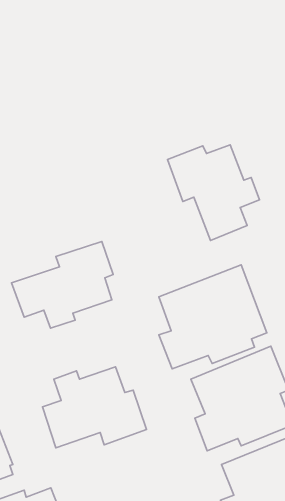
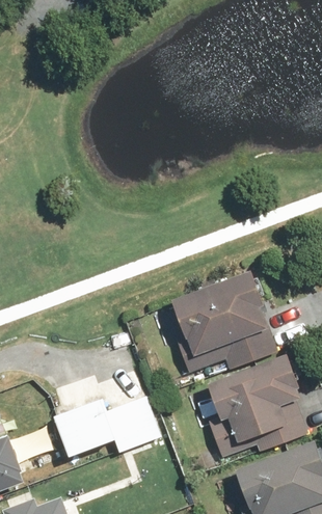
building: [167,145,260,240] -> none
building: [12,241,113,328] -> none

